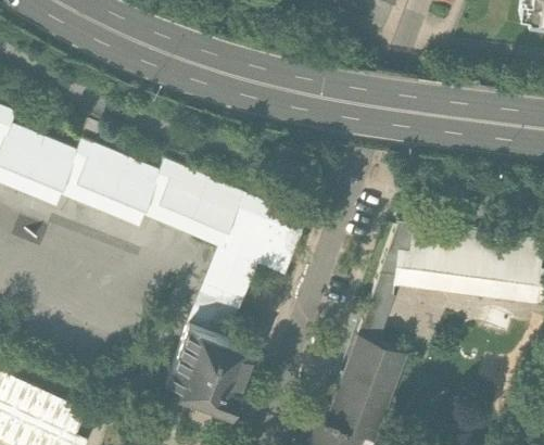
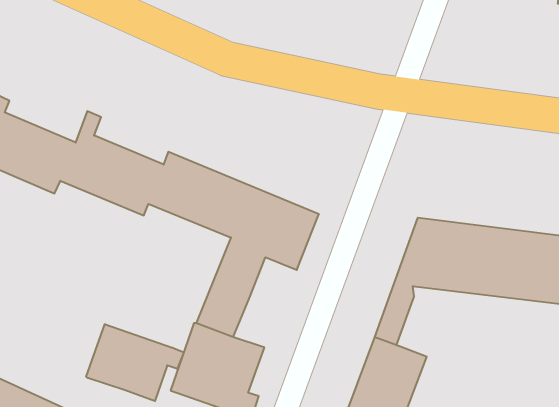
building: none -> [86,324,184,401]

